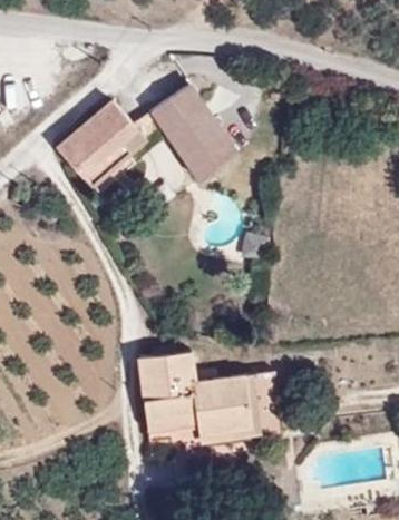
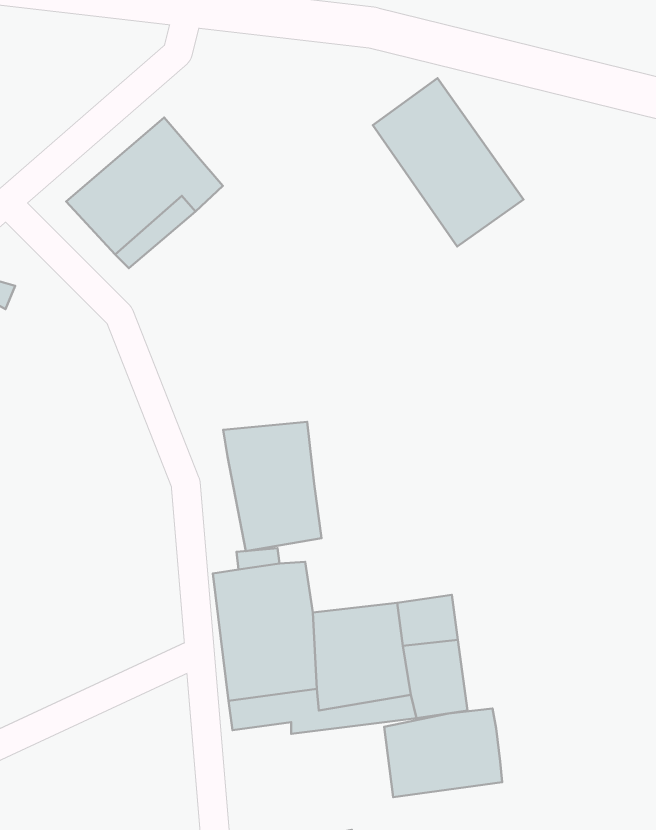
building: [149,84,235,179] -> [373,78,524,246]
building: none -> [223,422,321,551]
building: none -> [384,709,502,797]

